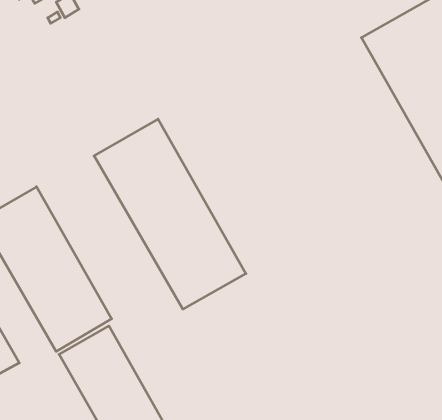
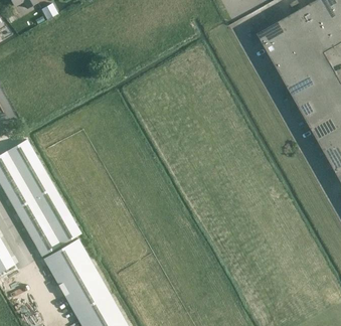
building: [94,119,246,309] -> none

